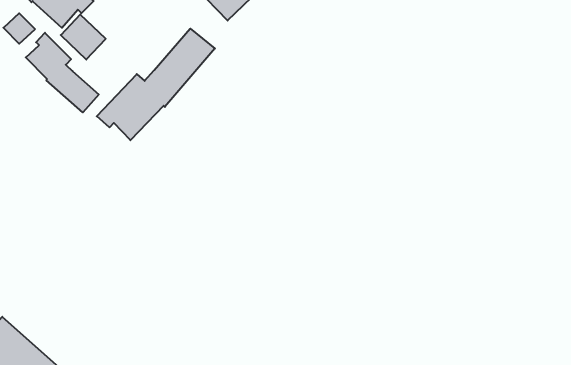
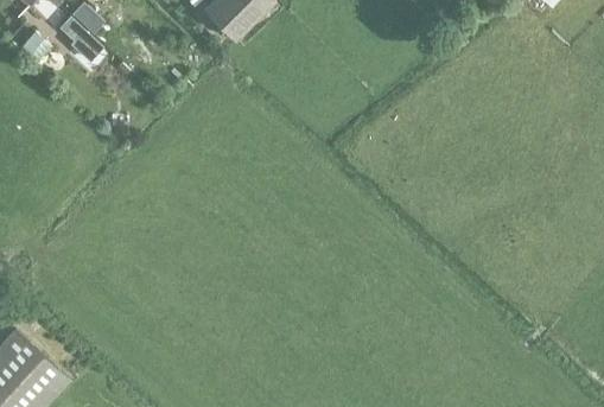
building: [97,29,215,140] -> none
building: [26,33,99,112] -> none

